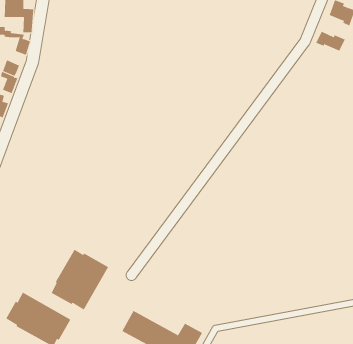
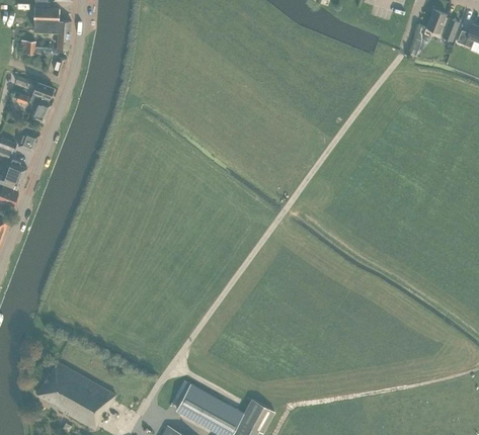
building: [316,31,345,51] -> none
building: [51,249,109,311] -> none

